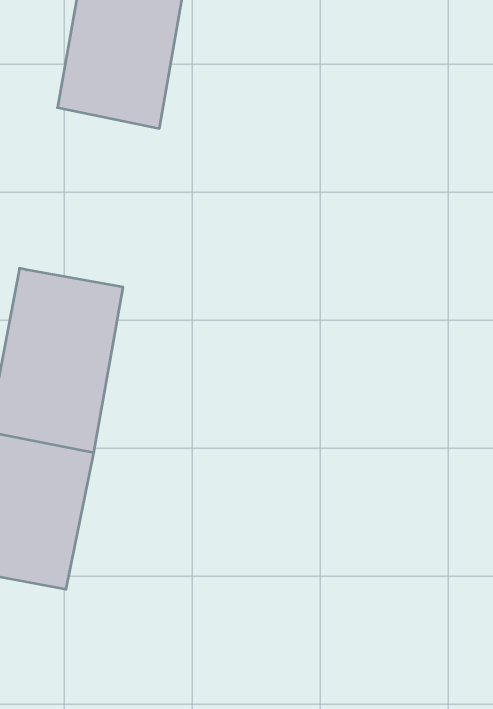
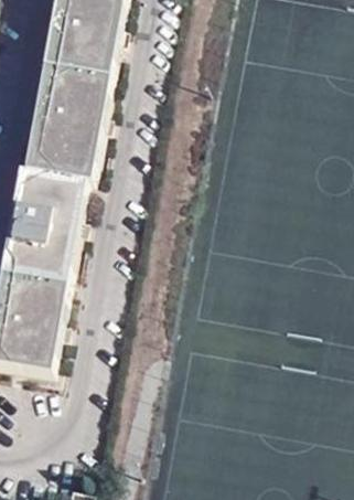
building: none -> [25,70,110,185]

